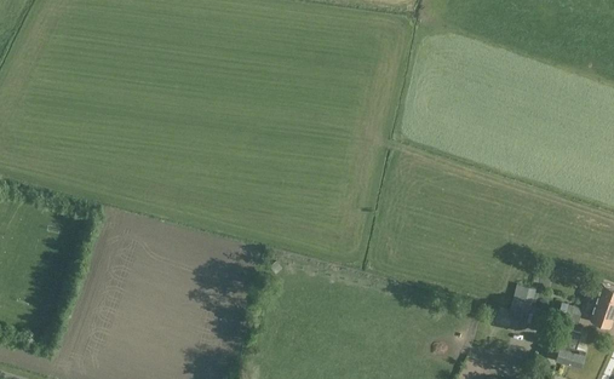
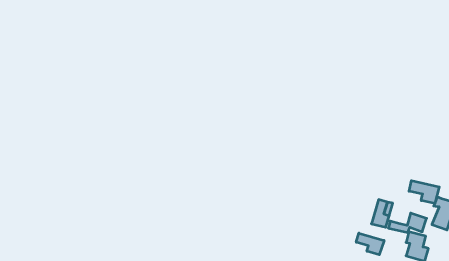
building: none -> [409,181,439,203]
building: none -> [356,233,384,255]

